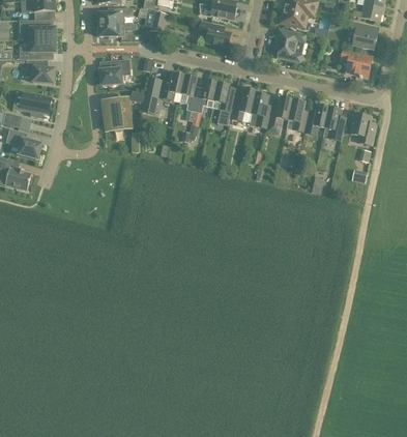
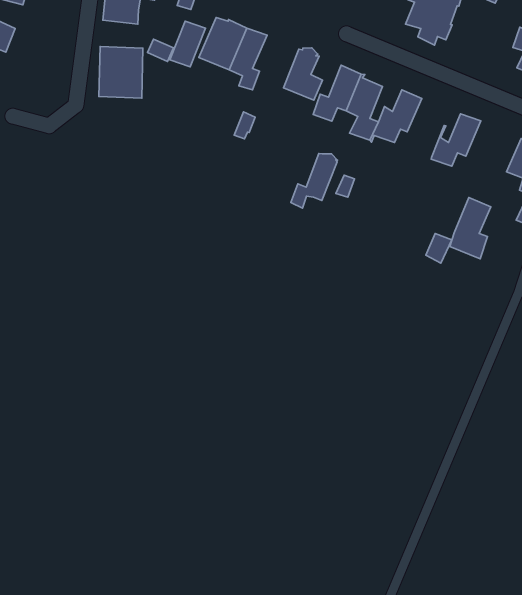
building: [194,78,216,112] -> [291,153,338,208]
building: [287,98,308,132] -> none
building: [322,106,343,140] -> [450,198,491,259]

